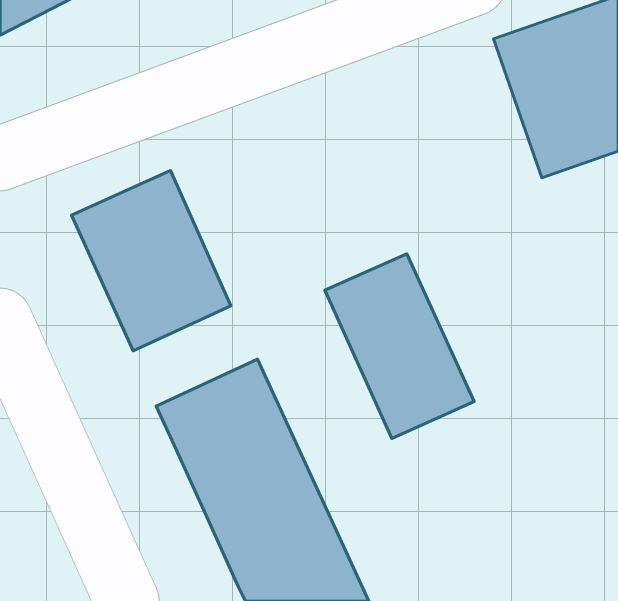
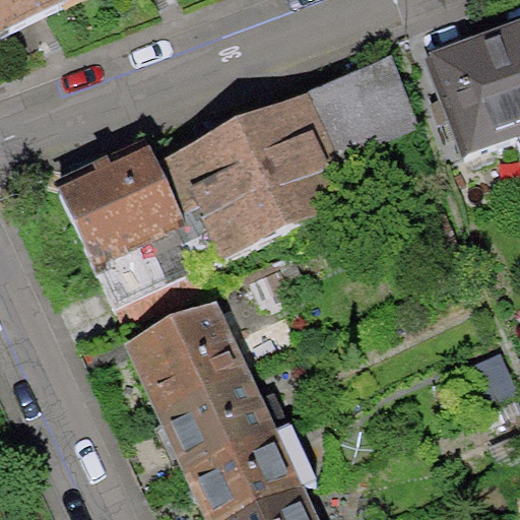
building: none -> [177,62,415,255]
building: [325,254,474,439] -> none

